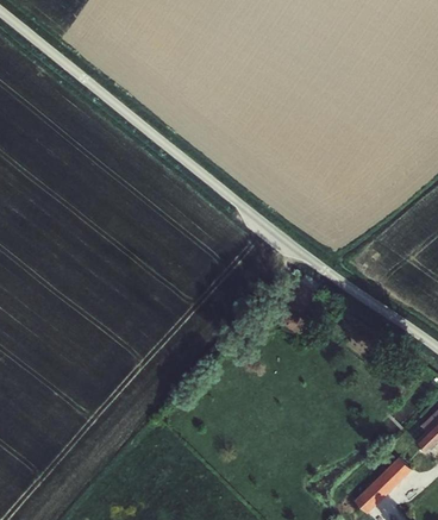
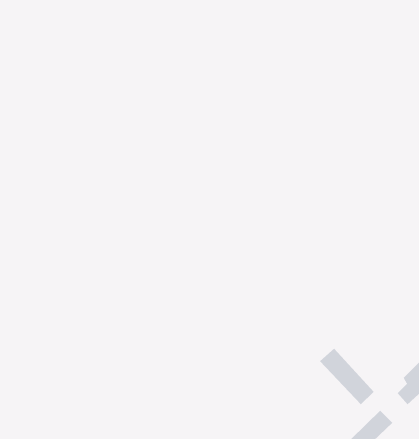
building: none -> [319,348,375,405]

